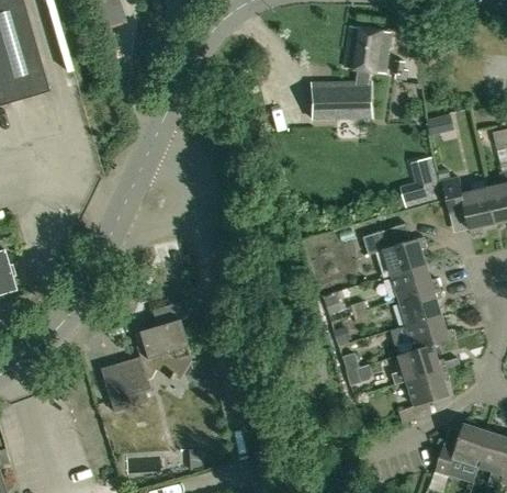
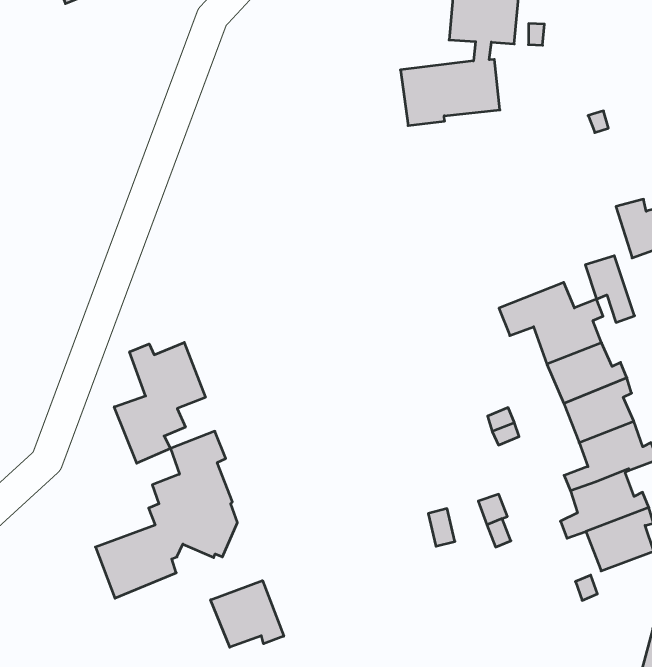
building: [412,159,440,201] -> [585,256,635,322]
building: none -> [114,342,205,463]
building: none -> [211,581,284,647]

